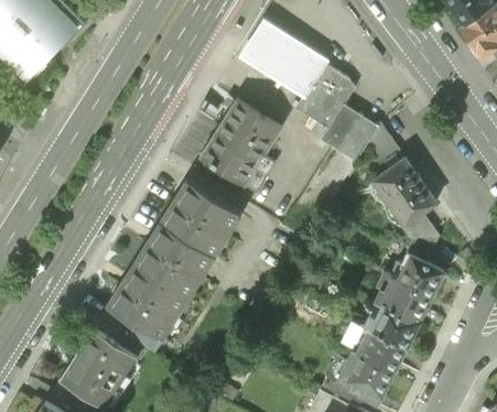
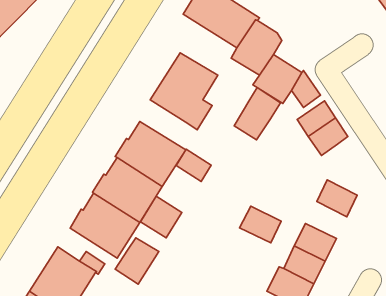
building: none -> [234,87,281,140]
building: [401,208,439,259] -> none
building: none -> [176,149,211,182]
building: none -> [140,196,182,238]
building: [382,275,431,318] -> [240,206,281,243]
building: none -> [115,238,159,284]

